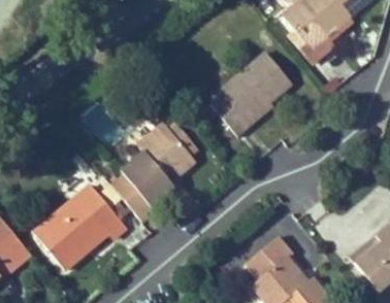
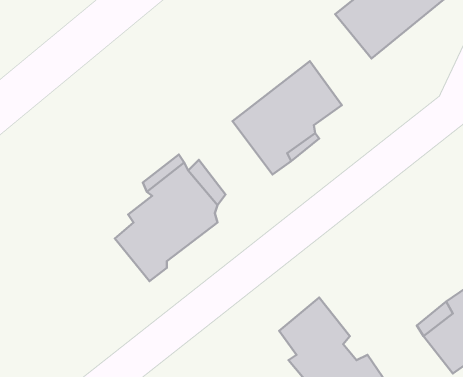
building: [37,186,125,266] -> none

